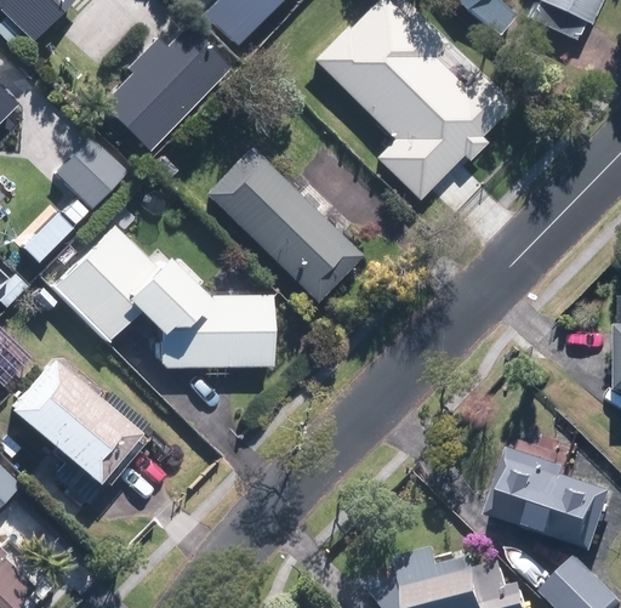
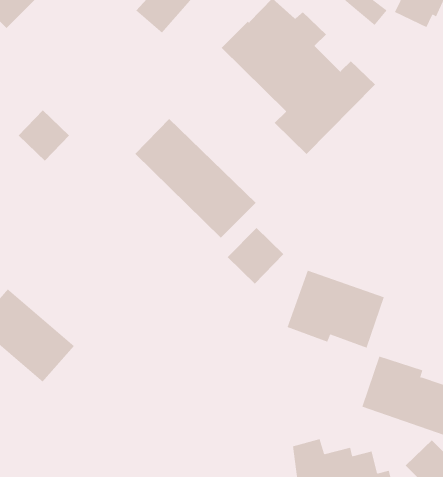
building: [112,24,239,147] -> none
building: [55,225,270,365] -> none
building: none -> [227,227,284,284]
building: none -> [287,270,384,348]

